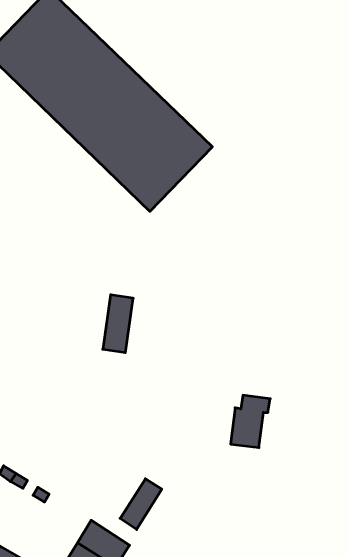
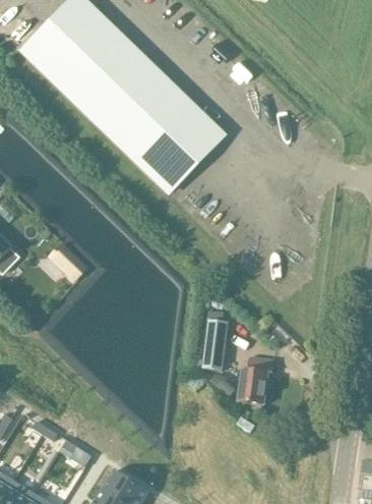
building: [103,295,133,353] -> [202,318,230,370]
building: [120,479,162,530] -> none

